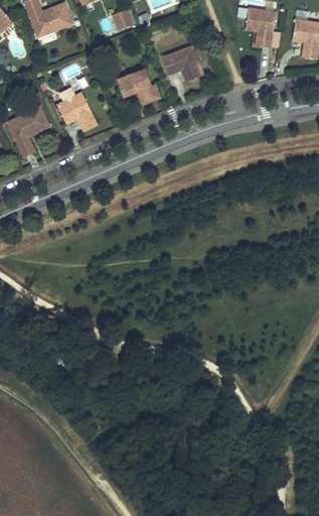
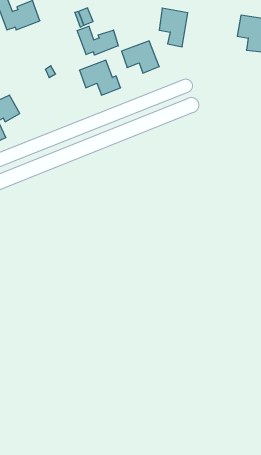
building: [244,6,275,48] -> [159,8,188,47]
building: none -> [77,26,118,55]
building: [57,92,98,131] -> none

